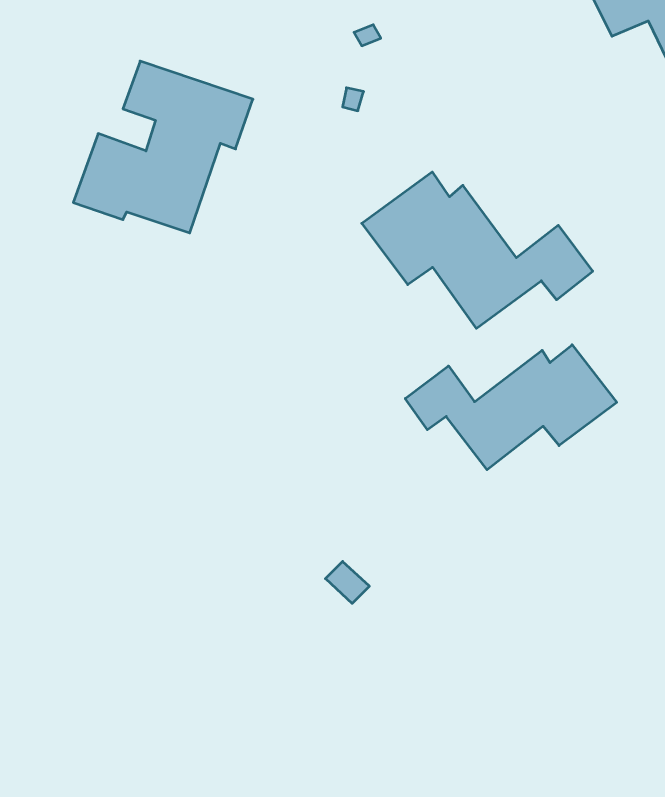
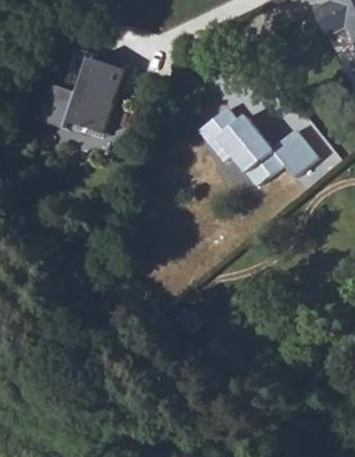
building: [405,345,617,470] -> none

